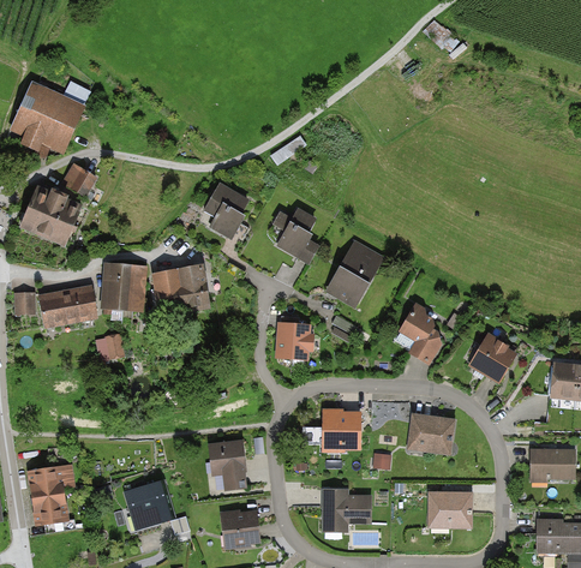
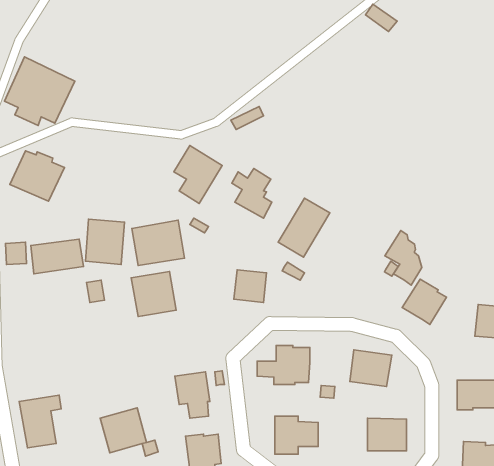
building: [64,163,101,198] -> none
building: [397,303,439,365] -> [385,230,422,285]
building: none -> [131,271,176,317]

